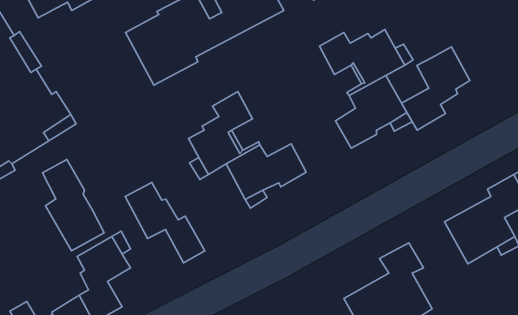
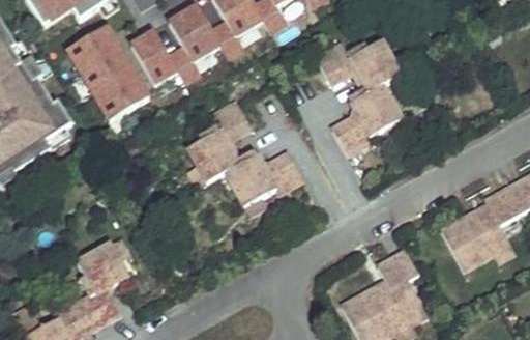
building: none -> [64,25,145,122]
building: [402,47,470,130] -> none
building: [42,159,104,251] -> none
building: [125,183,205,263] -> none

